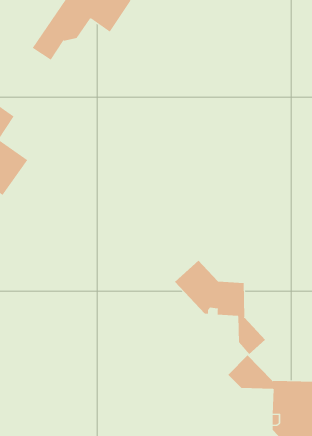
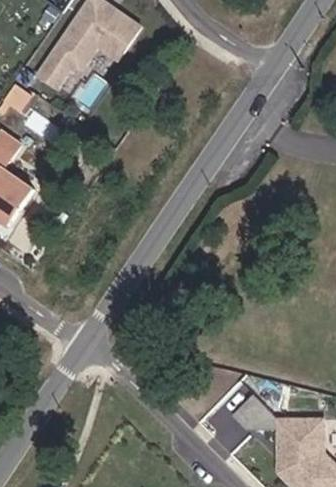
building: [174,260,266,355] -> none

